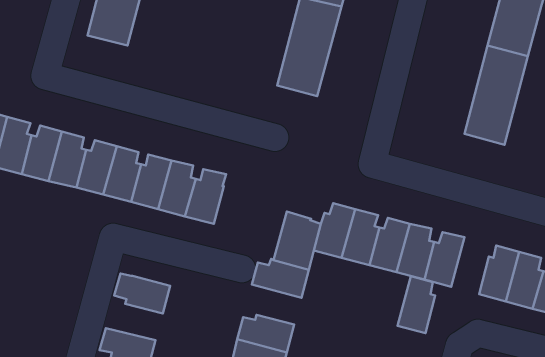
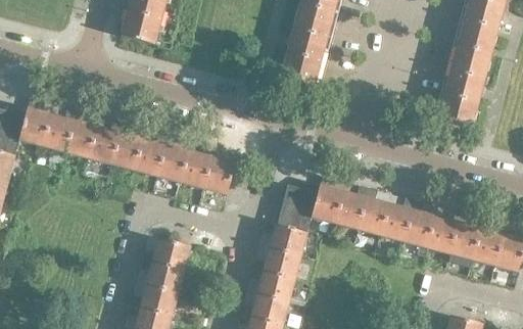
building: [398,276,435,333] -> [427,205,459,253]
building: none -> [254,245,301,279]
building: none -> [137,262,185,292]

